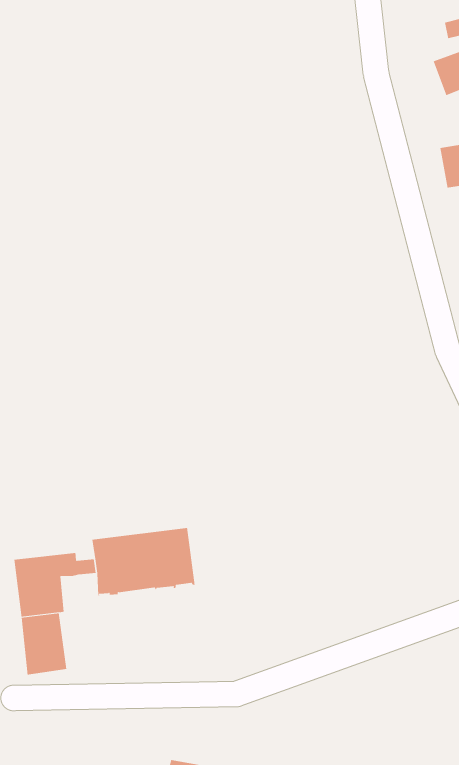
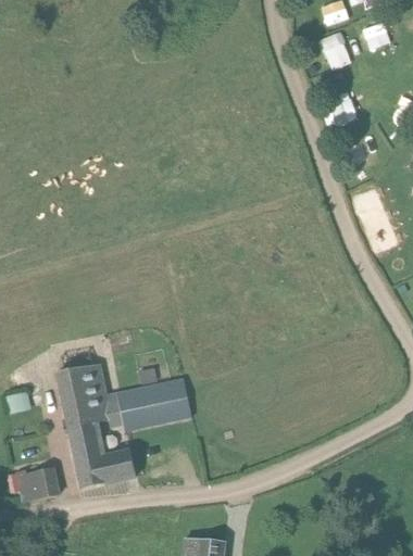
building: none -> [57,363,107,409]
building: none -> [99,442,134,481]

